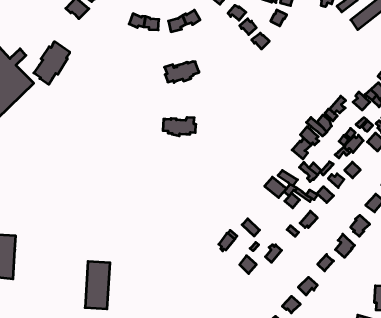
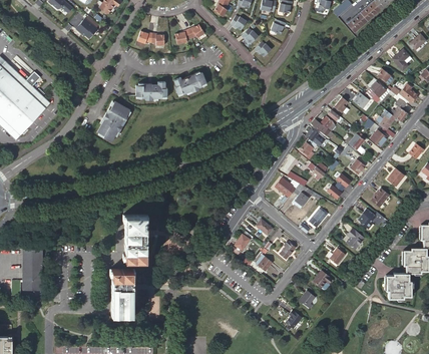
building: [34,42,70,84] -> [96,101,129,142]
building: [163,117,196,136] -> [135,82,166,100]
building: none -> [125,215,145,260]

